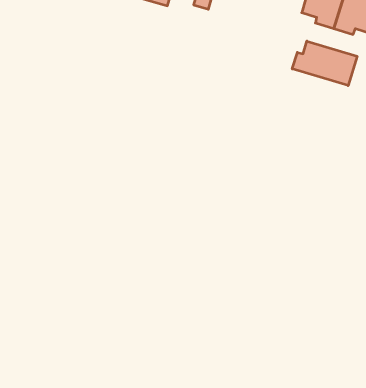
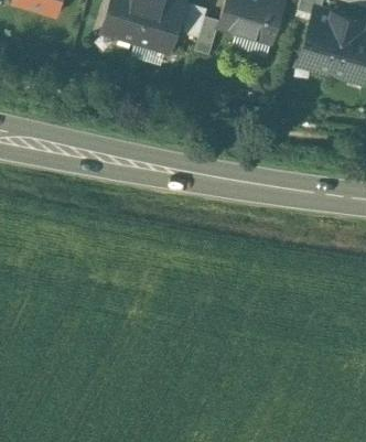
building: [292,41,357,86] -> none

